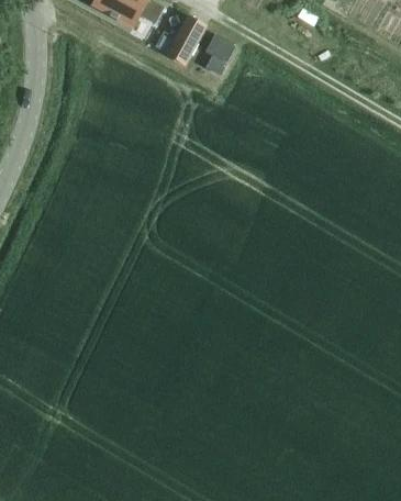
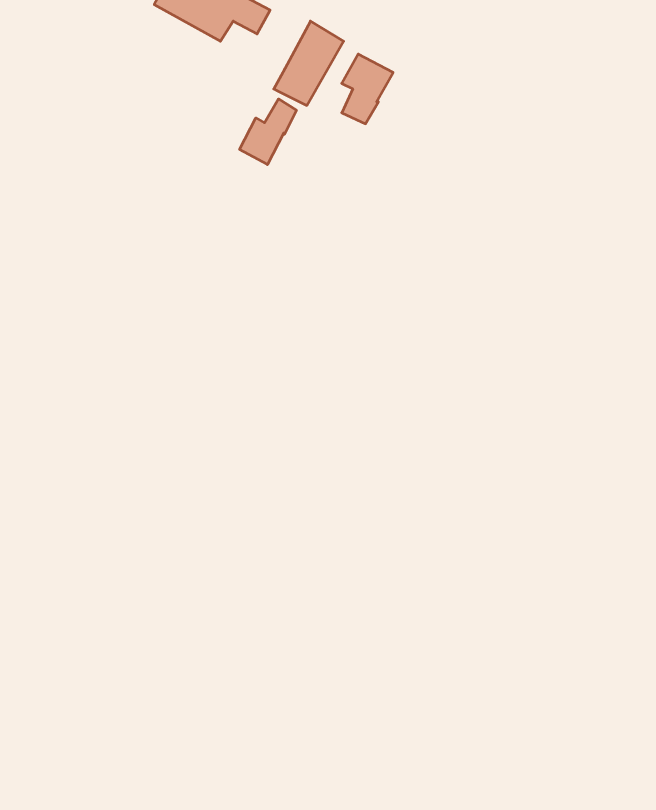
building: none -> [240,99,296,165]

